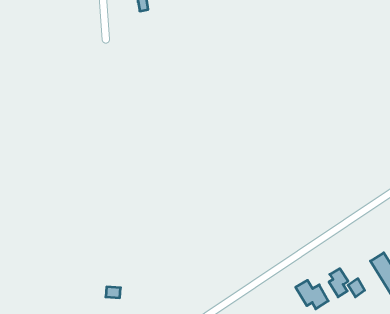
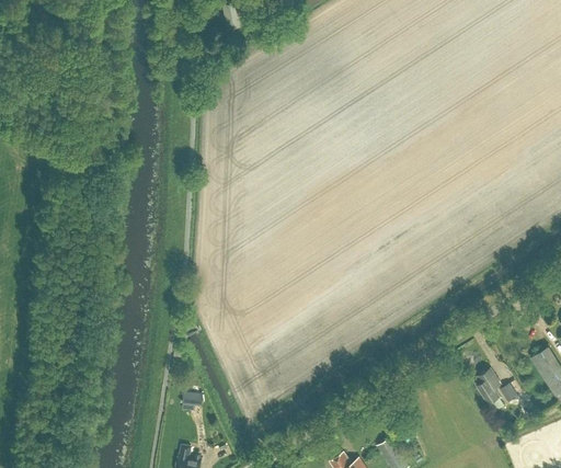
building: [296,280,328,309] -> none

